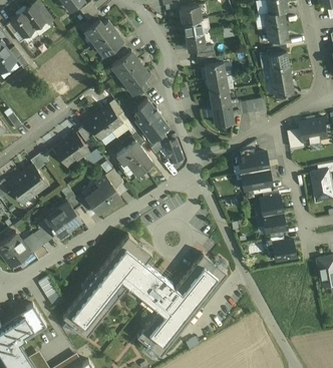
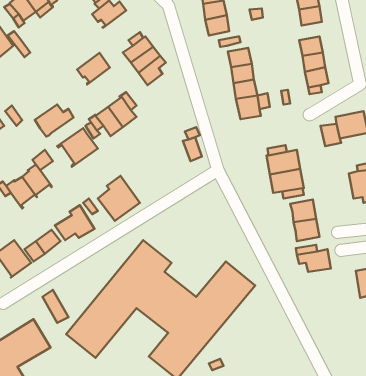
building: [93,29,122,57] -> [77,53,110,84]
building: [134,99,166,140] -> none
building: none -> [35,104,74,136]
building: [117,138,156,176] -> none

